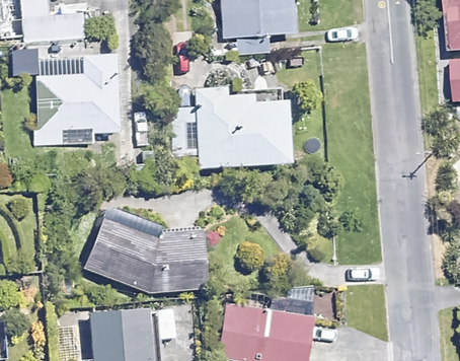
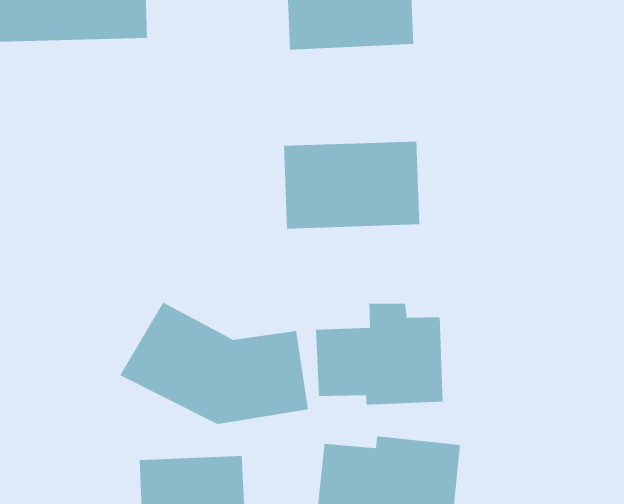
building: [34,63,120,144] -> none
building: none -> [315,303,443,405]

